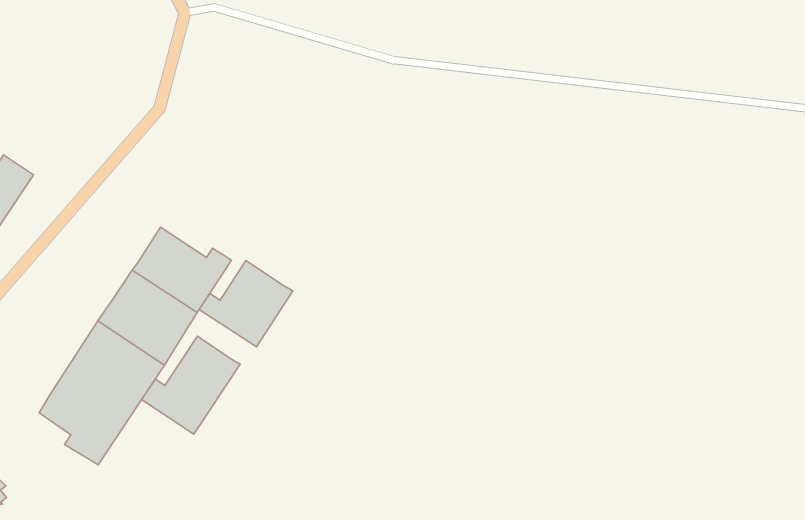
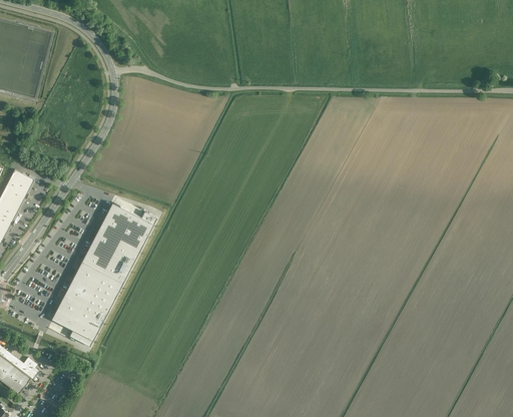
building: [199,261,293,347] -> none
building: [142,336,240,434] -> none

